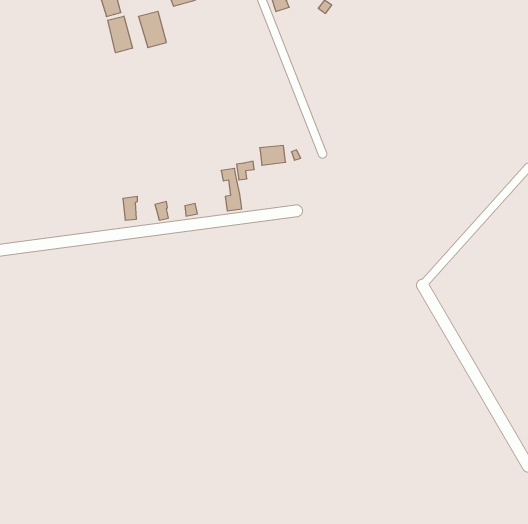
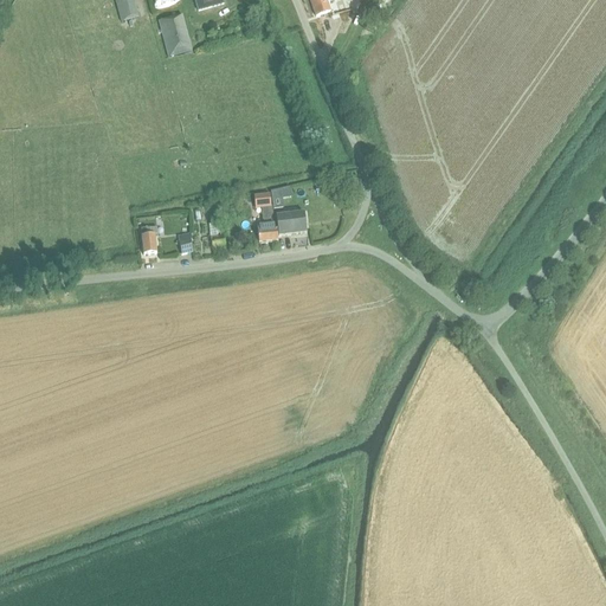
building: [108,16,132,53] -> none
building: [260,146,286,165] -> [277,211,307,233]

